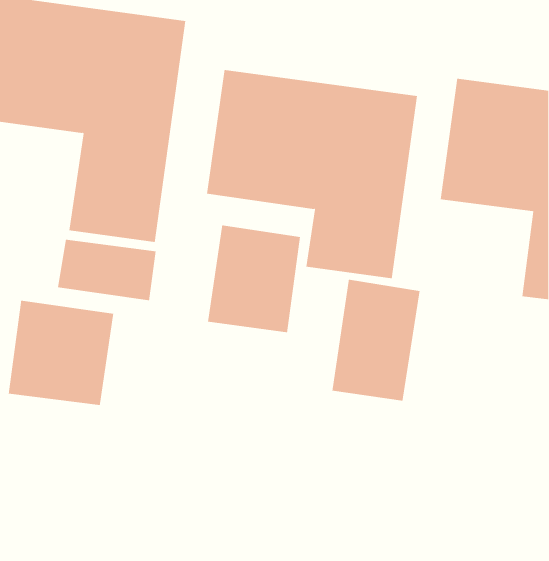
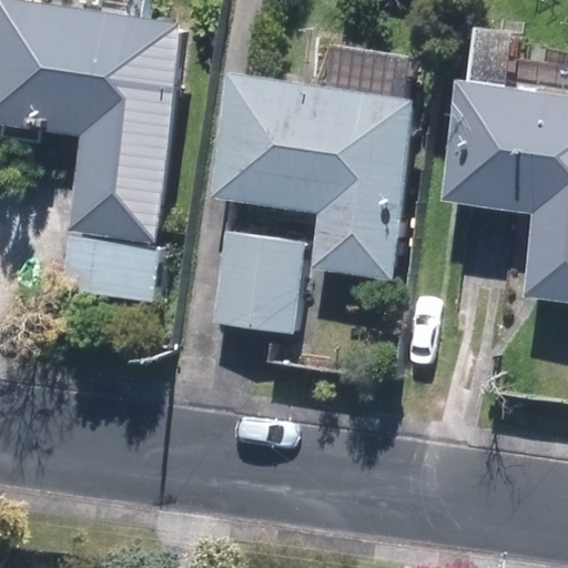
building: [332,279,420,401] -> none
building: [8,300,114,406] -> none

